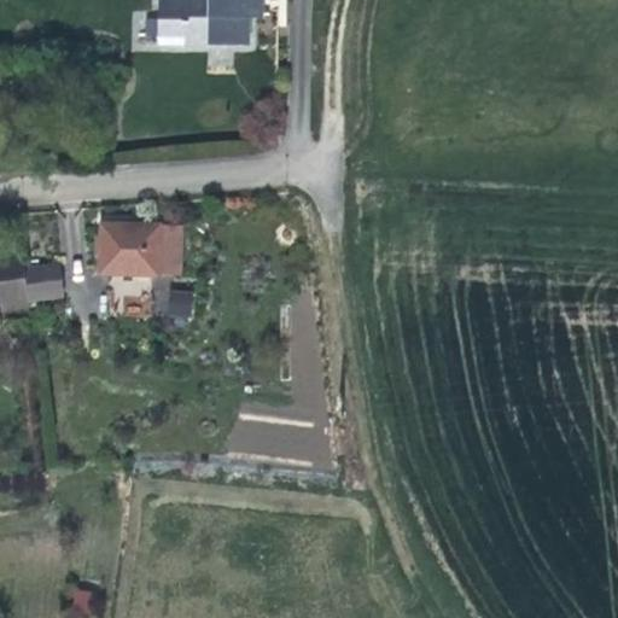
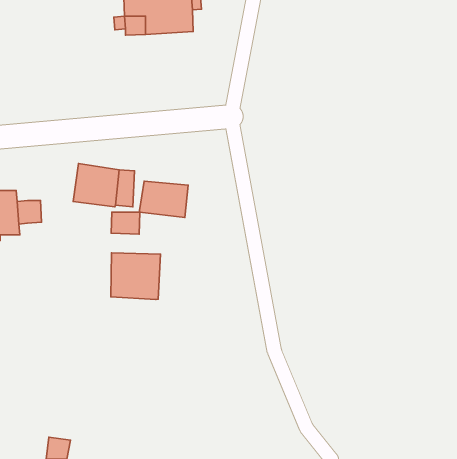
building: none -> [139,181,188,217]
building: none -> [111,253,160,300]

